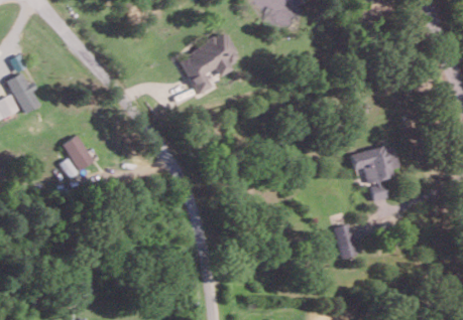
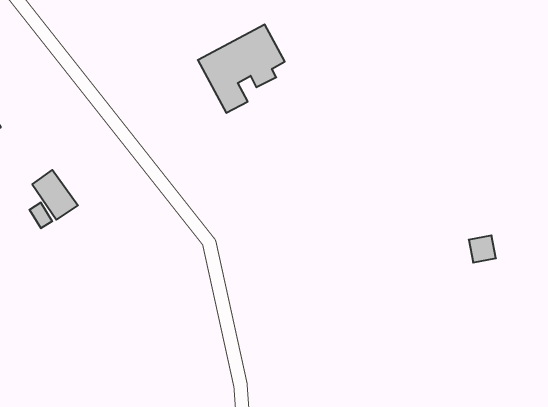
building: [350,145,398,183] -> none
building: [333,223,358,259] -> none

